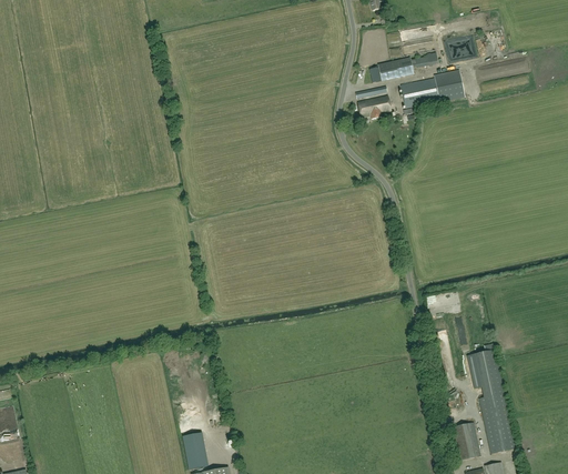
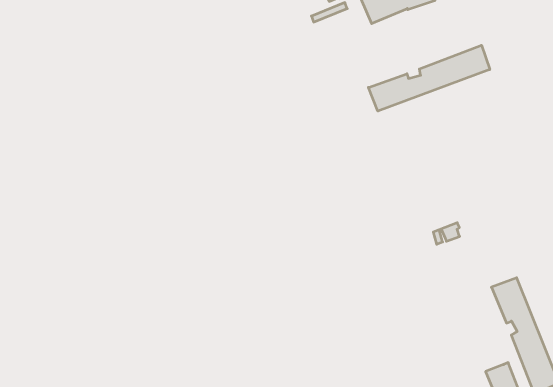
building: [356,95,389,119] -> none
building: none -> [368,45,490,111]

